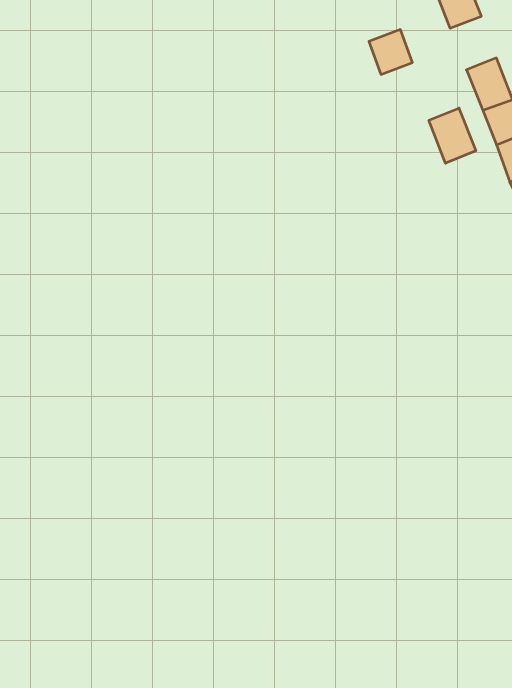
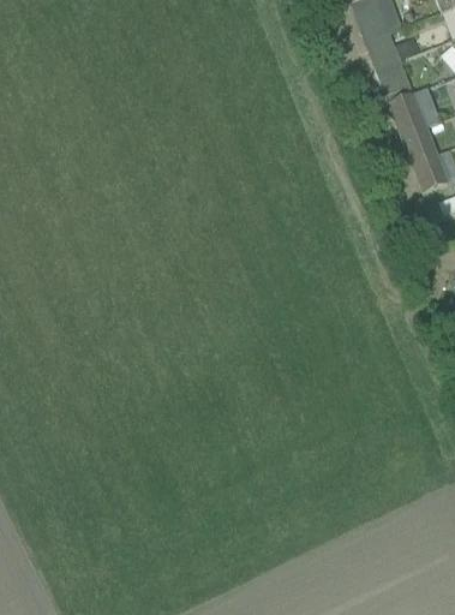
building: [369,30,412,74] -> [373,55,408,91]
building: [429,108,476,163] -> none

